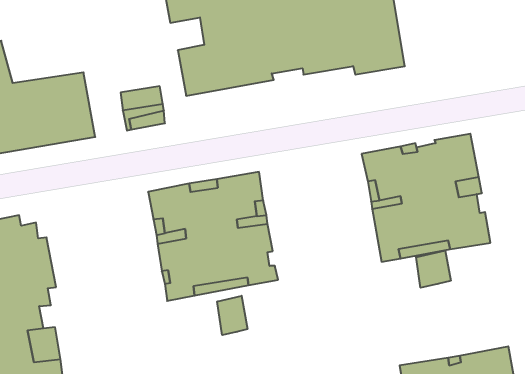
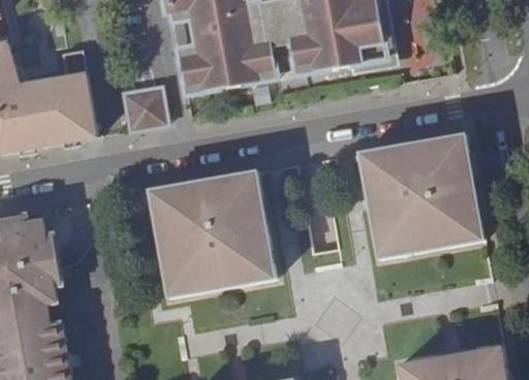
building: [416,250,451,288] -> none
building: [217,296,247,335] -> none

